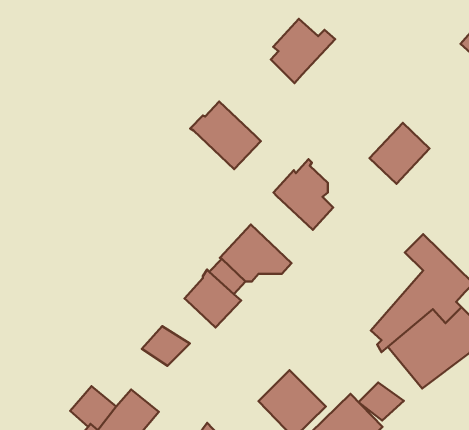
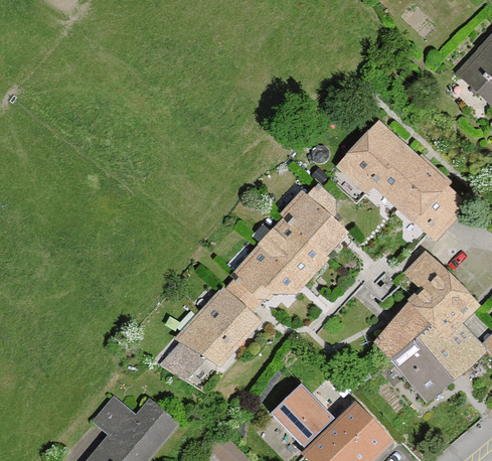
building: [271,19,335,83] -> [346,131,406,191]
building: [190,102,261,169] -> [261,218,327,282]
building: none -> [400,174,458,232]
building: none -> [180,317,234,364]
building: [358,383,404,420] -> none

